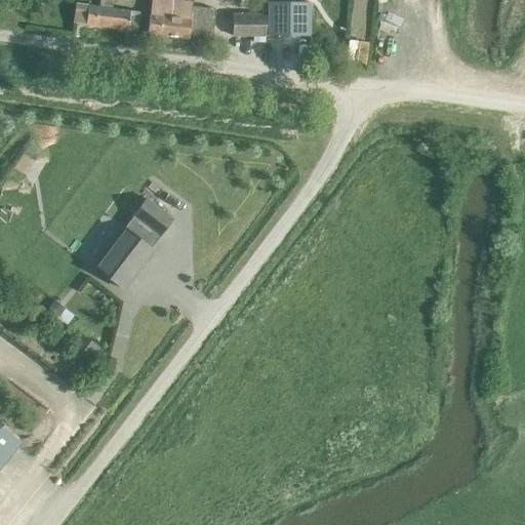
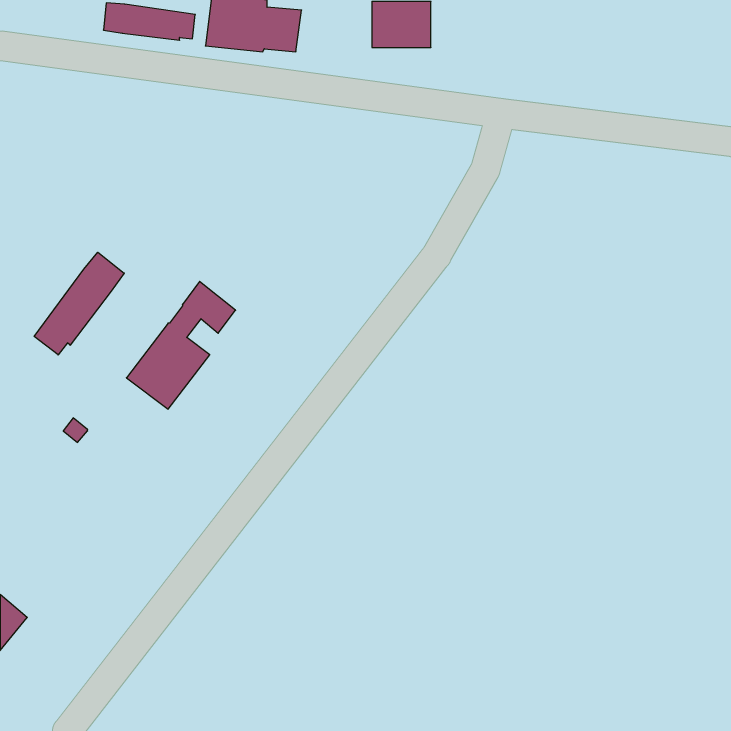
building: [234,13,266,40] -> none
building: none -> [34,252,124,355]

